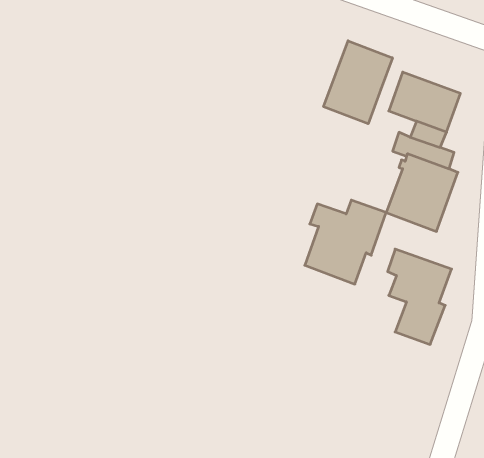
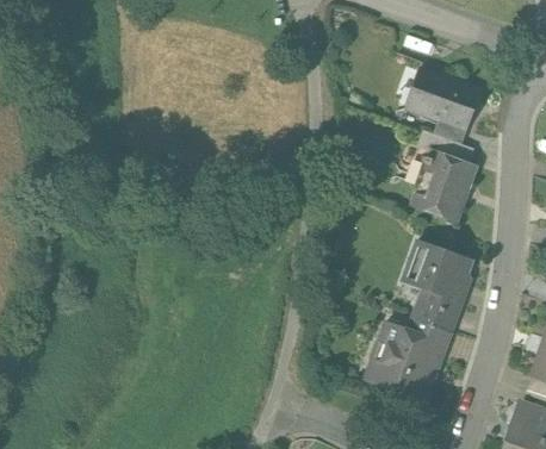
building: [324,41,392,124] -> none
building: [305,200,386,284] -> [373,318,451,398]

